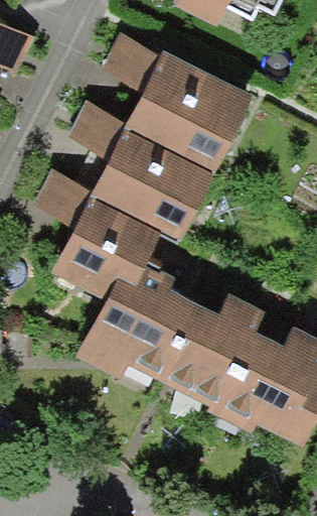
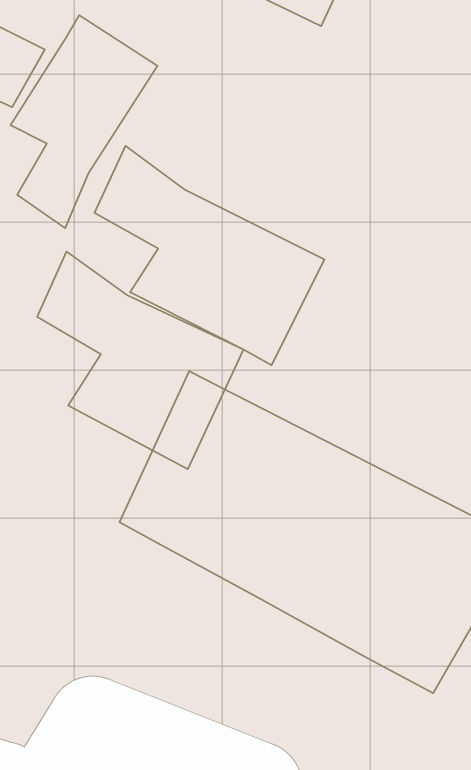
building: none -> [10,15,157,228]
building: [102,29,251,171] -> none

